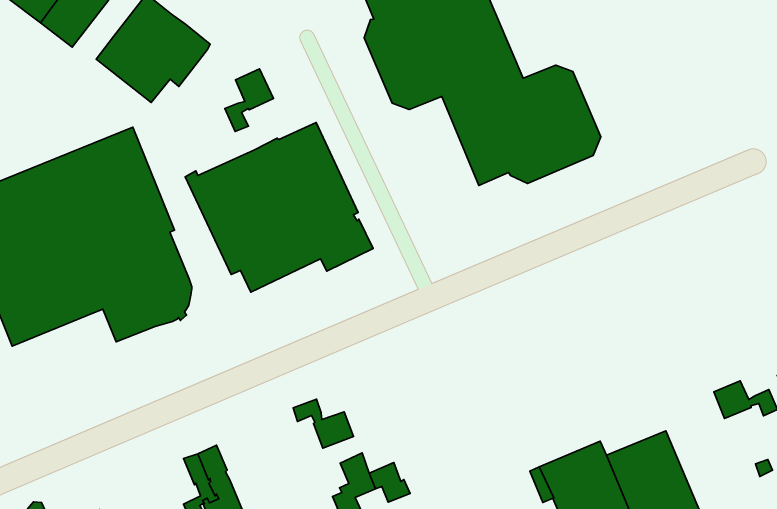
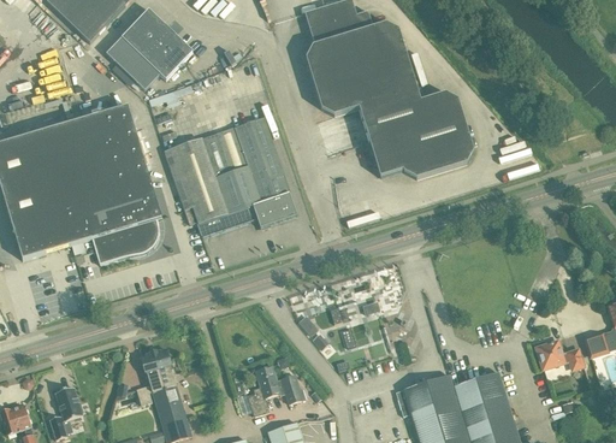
building: [225,69,274,131] -> none
building: [293,399,353,448] -> none

